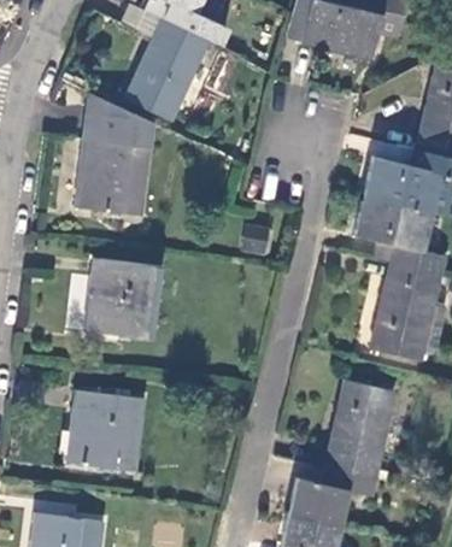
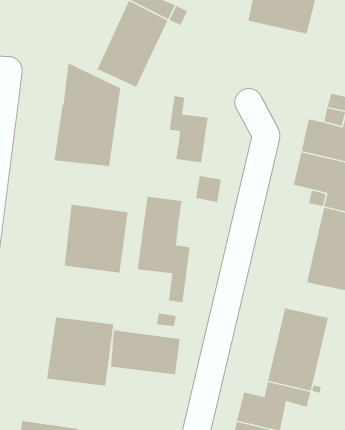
building: none -> [169,95,209,163]
building: none -> [137,196,191,303]
building: none -> [110,329,181,375]

